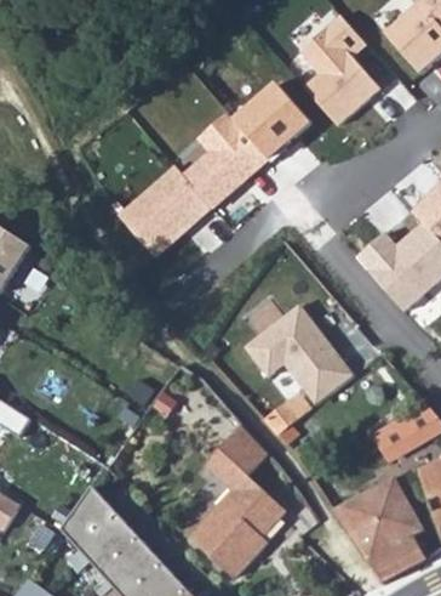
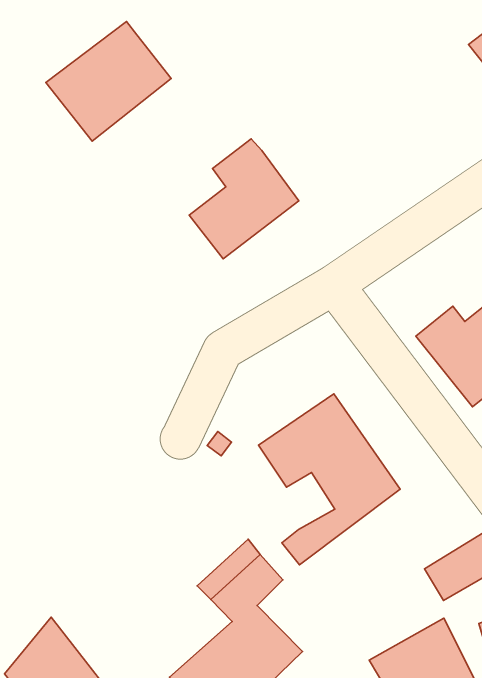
building: [297,16,380,123] -> none
building: [234,87,308,161] -> none
building: [115,168,210,260] -> [46,21,171,141]

